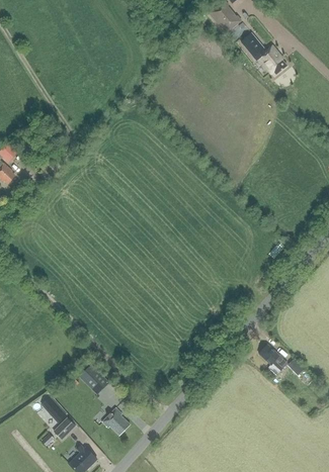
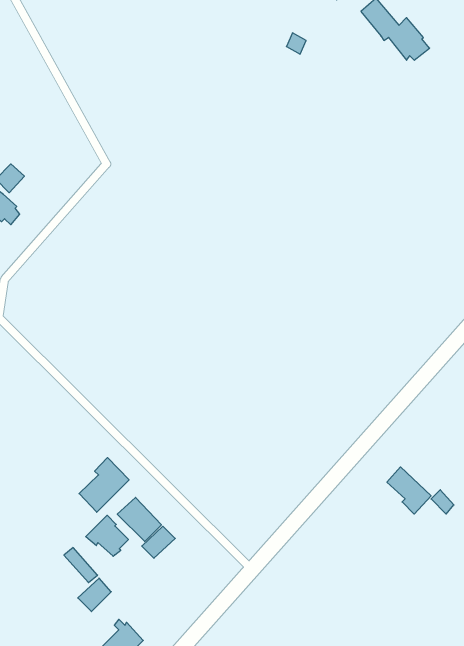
building: none -> [79,458,129,512]
building: [101,407,130,435] -> [86,515,128,556]

